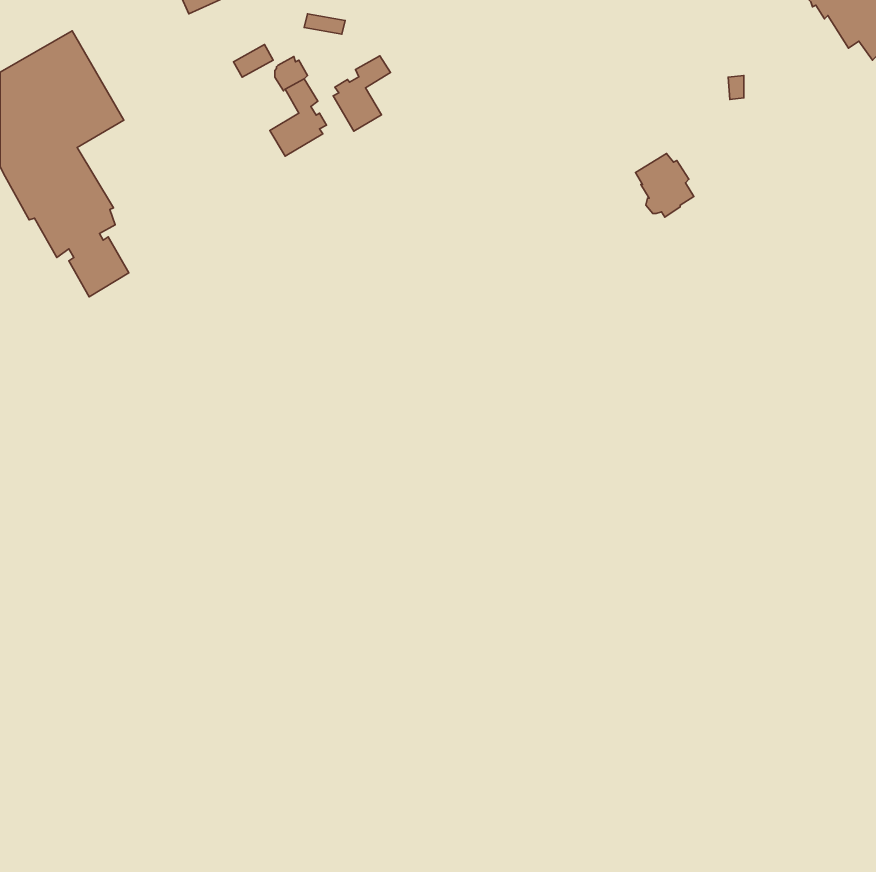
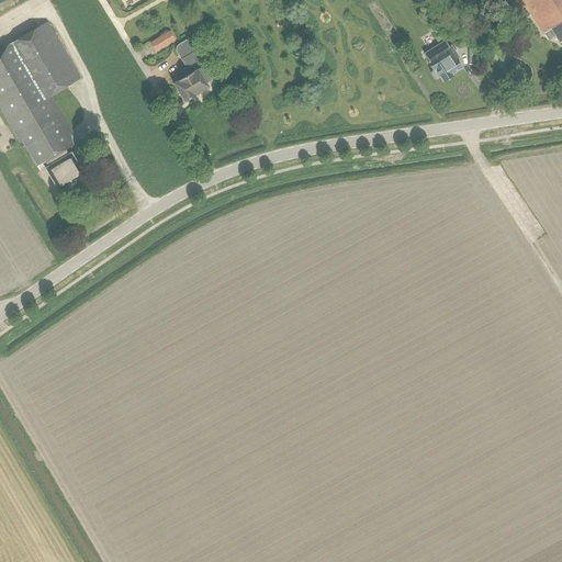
building: [333,56,391,131] -> none
building: [636,154,694,217] -> [424,40,461,80]

